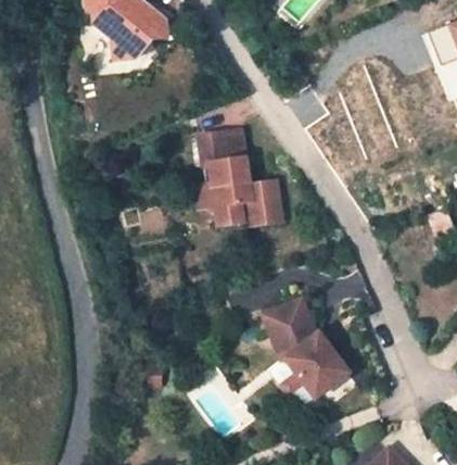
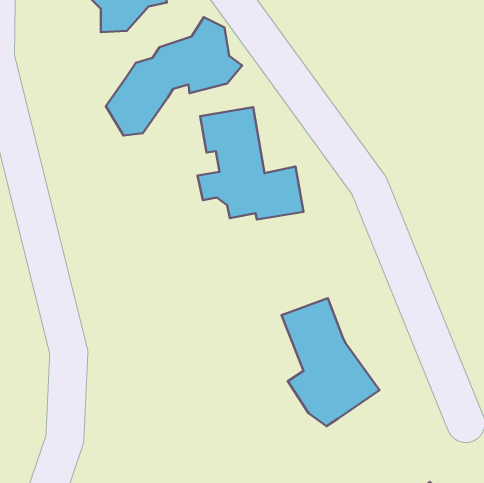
building: none -> [106,17,242,136]

